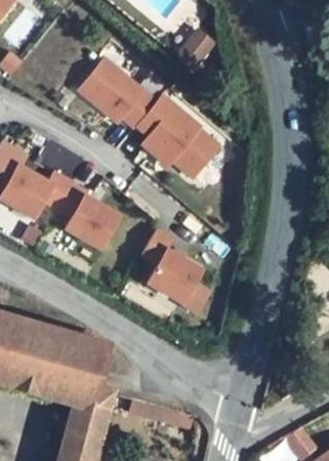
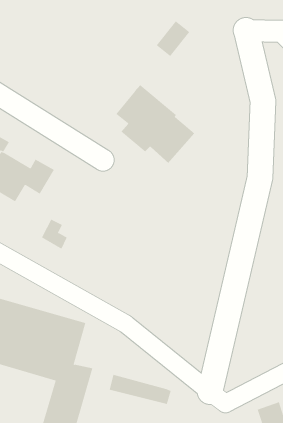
building: [78,58,156,127] -> none
building: [57,183,118,248] -> none
building: [140,230,201,302] -> none

